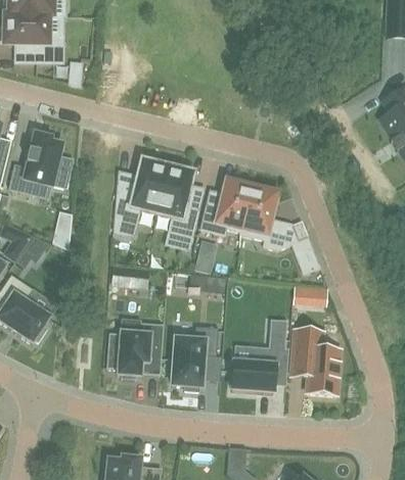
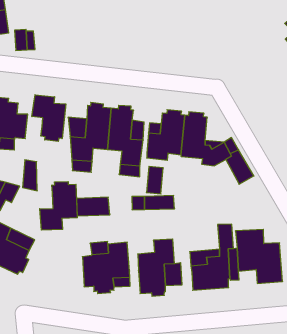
building: none -> [32,95,66,141]
building: none -> [40,182,77,230]
building: [292,285,327,308] -> none

